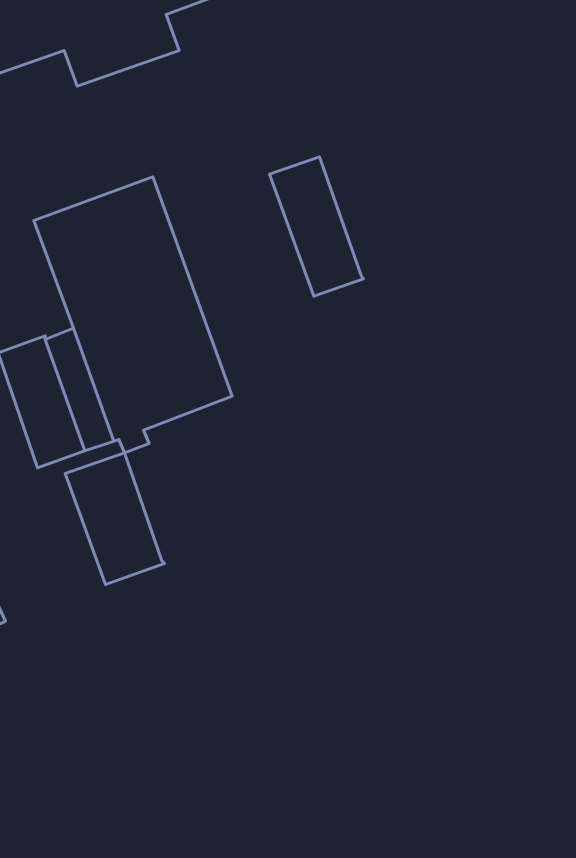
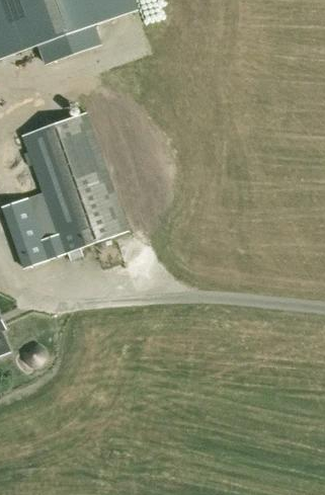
building: [270,157,364,296] -> none
building: [65,453,165,584] -> none

